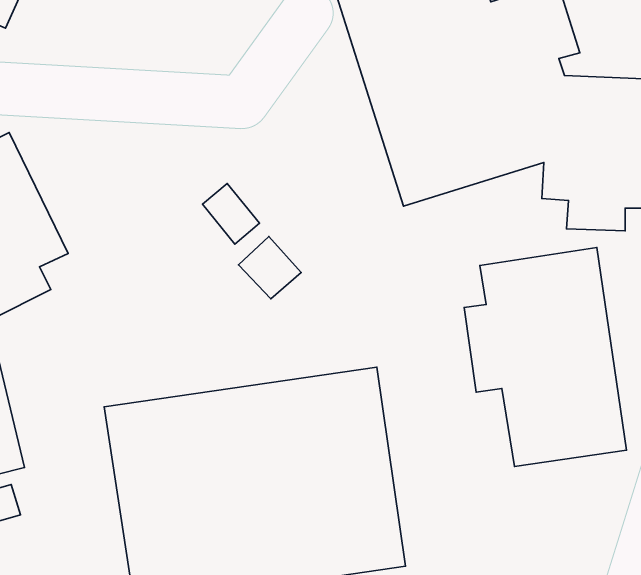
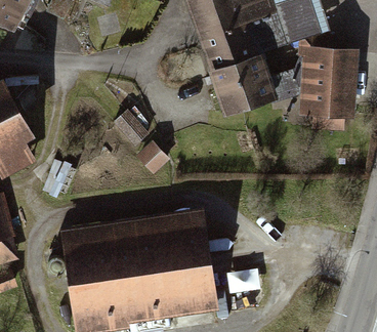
building: [464,247,626,467] -> none

